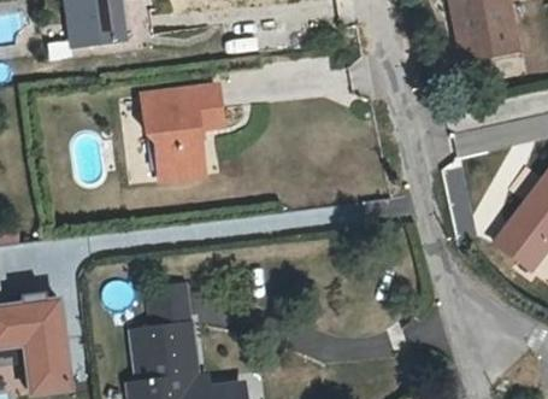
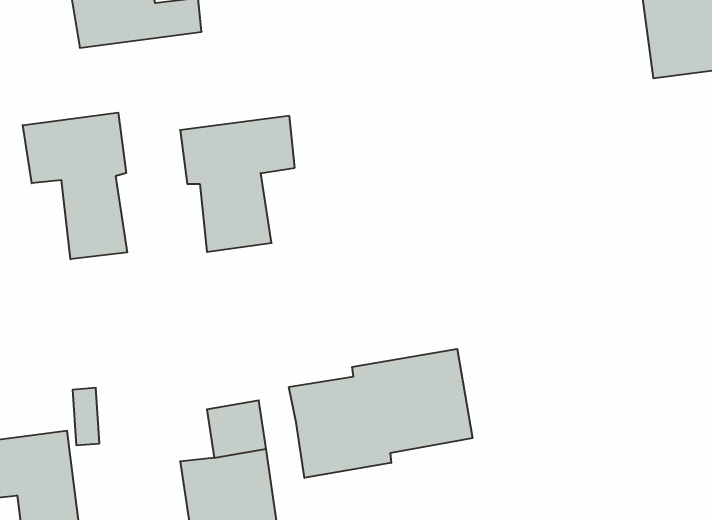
building: none -> [23,113,127,259]
building: none -> [289,349,472,478]

